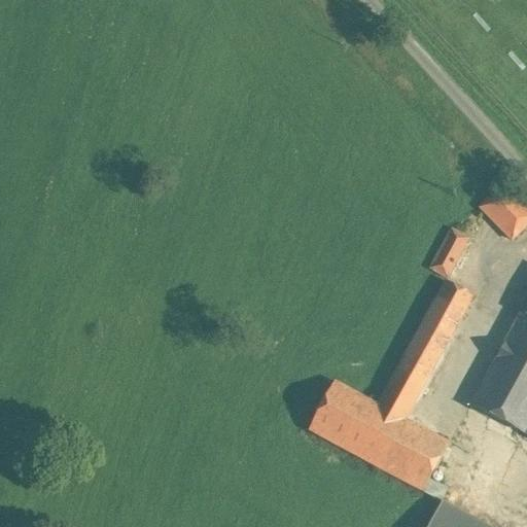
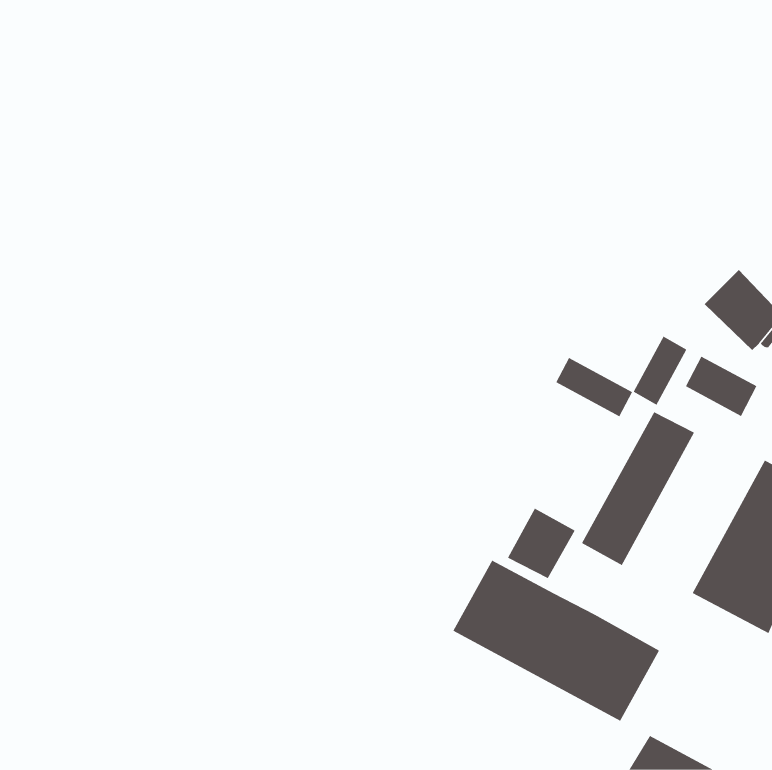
building: none -> [685,356,757,417]
building: none -> [556,357,633,417]
building: [378,370,424,418] -> [507,508,575,579]

